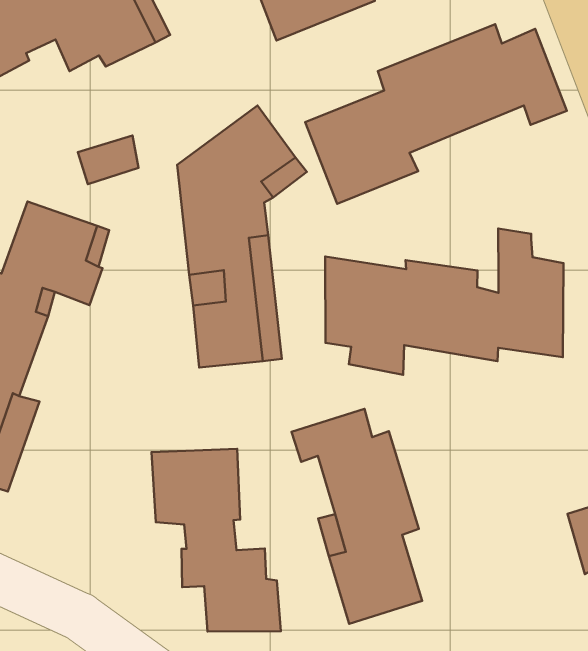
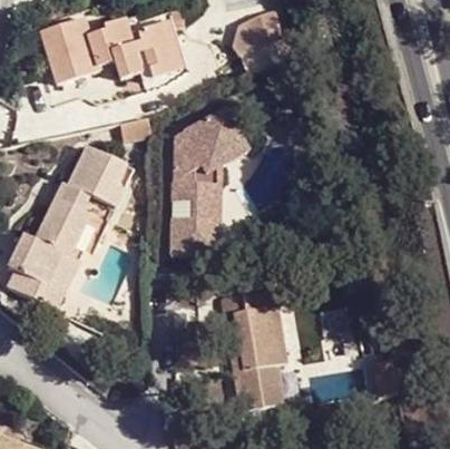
building: [305,24,567,204] -> none
building: [325,229,563,375] -> none
building: [152,449,281,631] -> none

